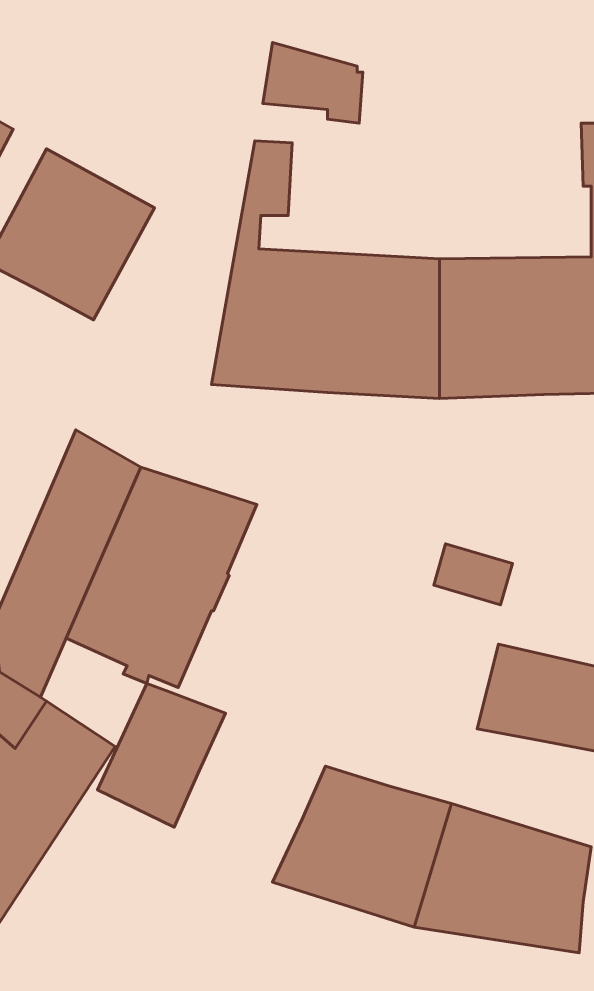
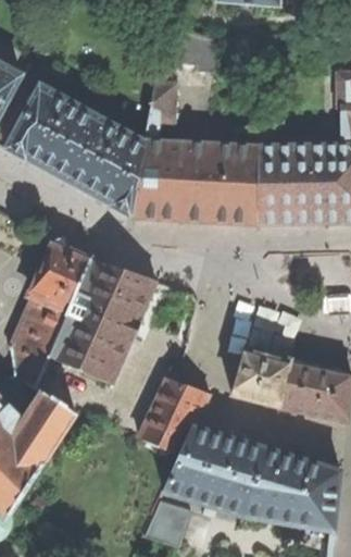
building: none -> [65,117,143,215]
building: none -> [231,347,289,406]
building: [98,684,225,827] -> [138,376,209,456]
building: none -> [143,498,190,546]

